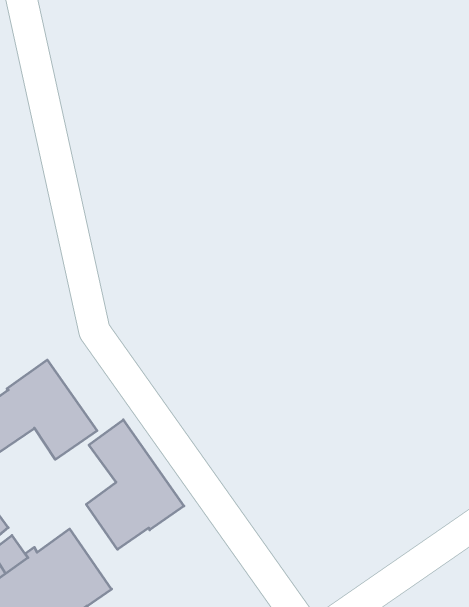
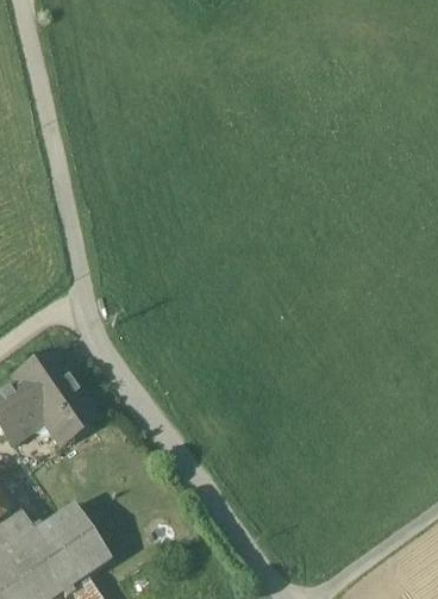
building: [86,420,184,549] -> none

